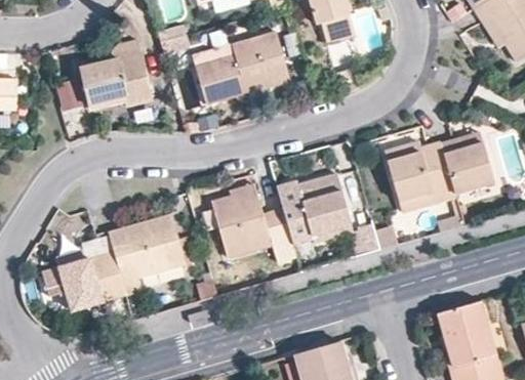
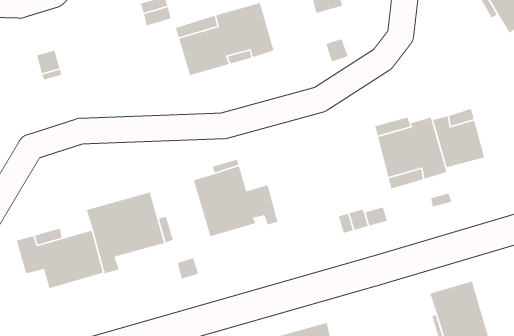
building: [79,40,151,108] -> none
building: [275,173,351,245] -> none

